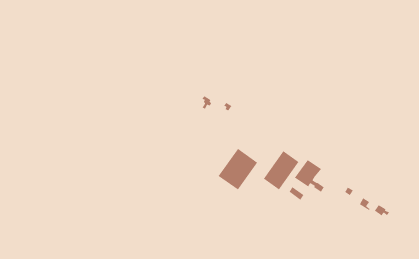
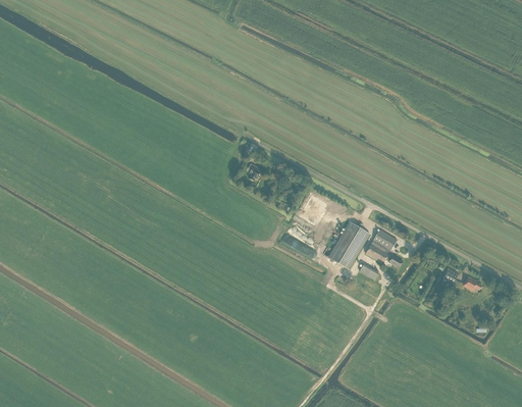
building: [218,148,258,191] -> none

